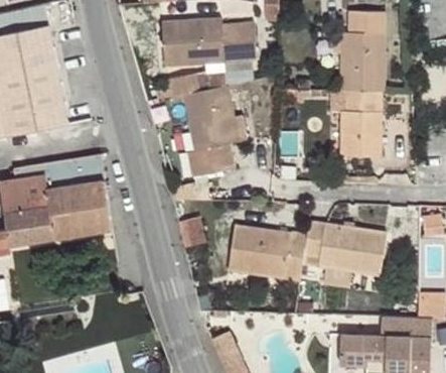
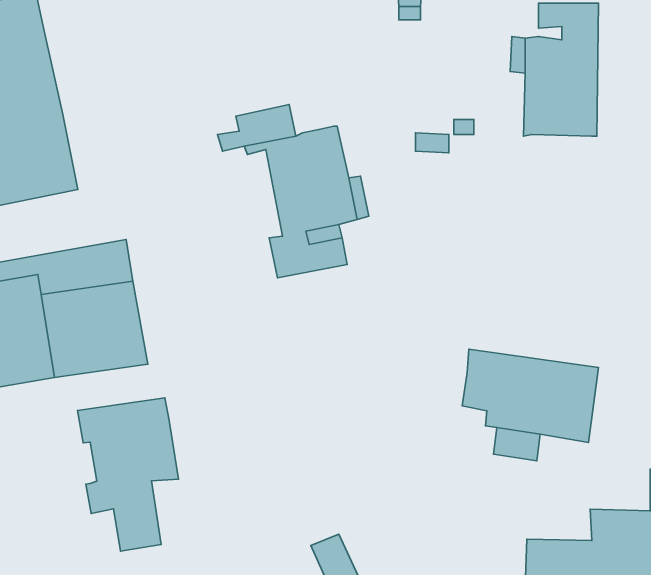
building: [162,17,252,89] -> none
building: [339,90,382,157] -> none
building: [228,224,306,280] -> none
building: none -> [78,398,178,551]

